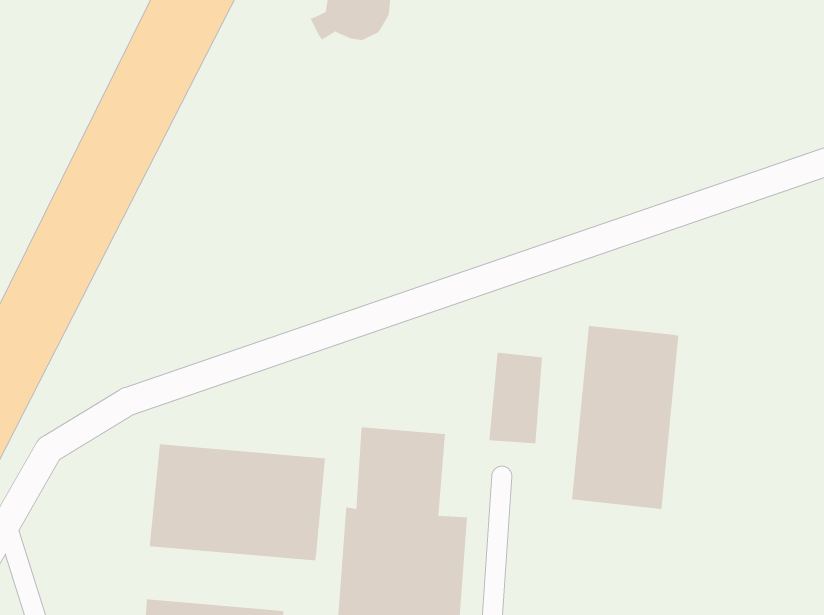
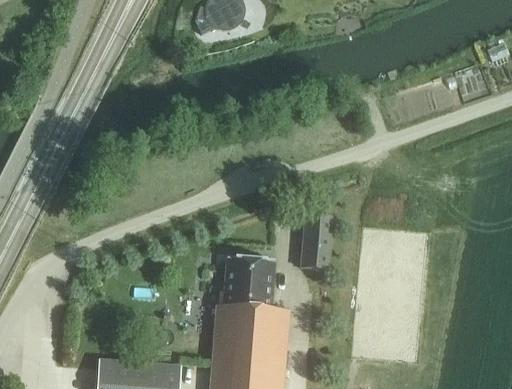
building: [572,325,679,510] -> none
building: [149,444,326,561] -> none

